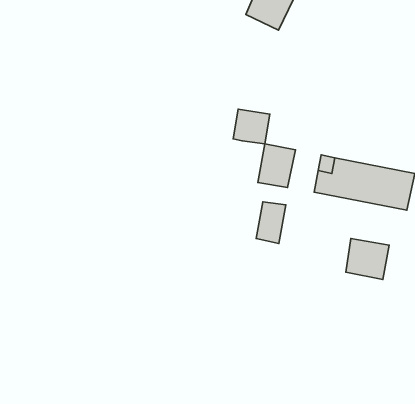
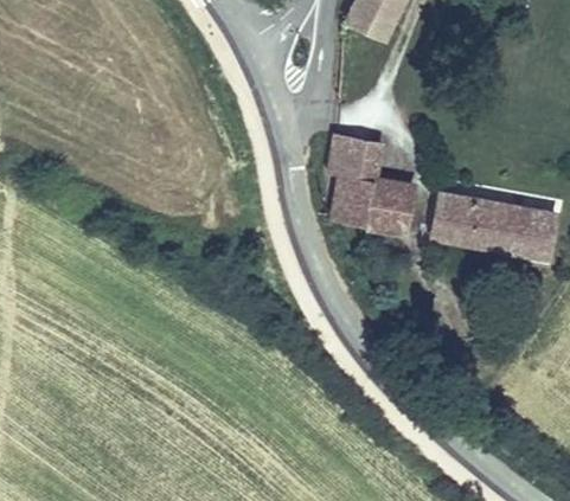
building: [256,202,286,243] -> [335,174,371,224]
building: [346,238,389,279] -> none

